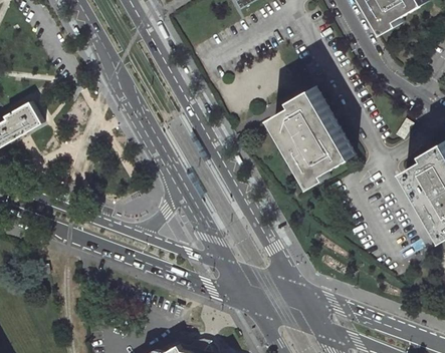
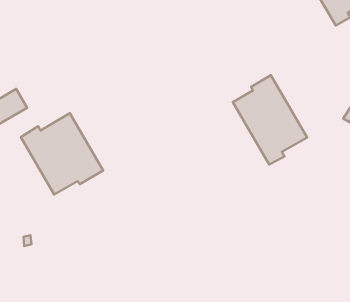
building: none -> [21,113,103,194]

